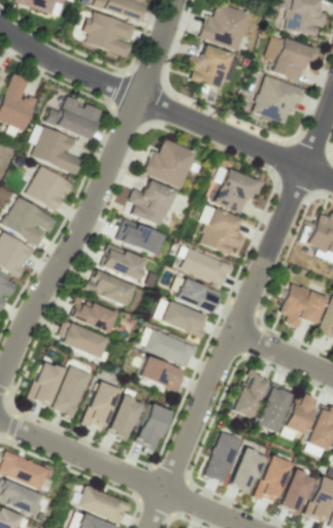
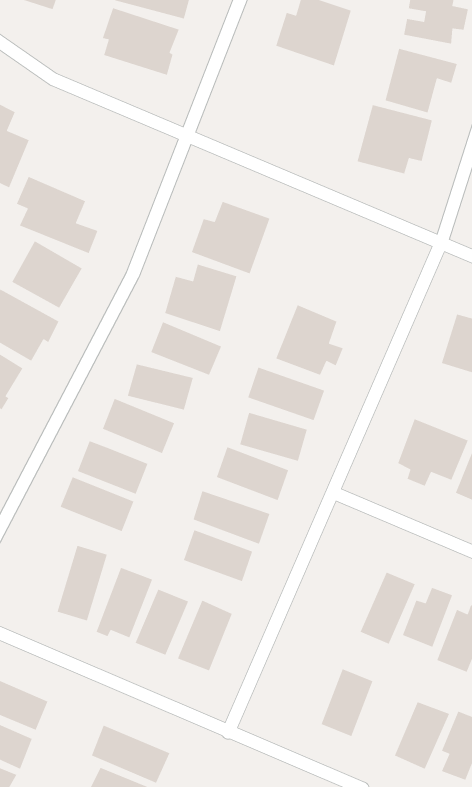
building: [189,44,233,89] -> none
building: [46,97,103,139] -> none
building: [213,166,264,212] -> none
building: [28,361,64,405] -> none
building: [232,371,269,419] -> none
building: [205,431,242,483] -> none
building: [255,454,292,503] -> none

